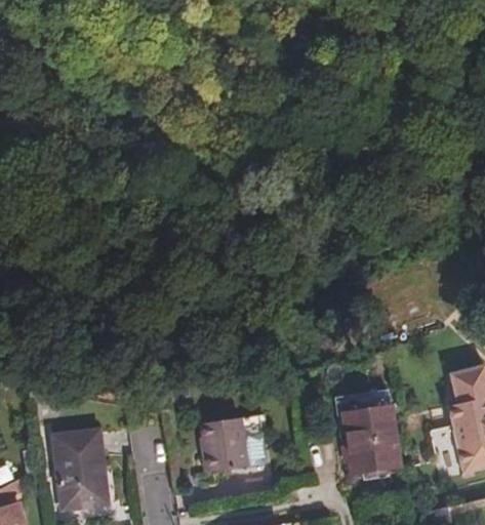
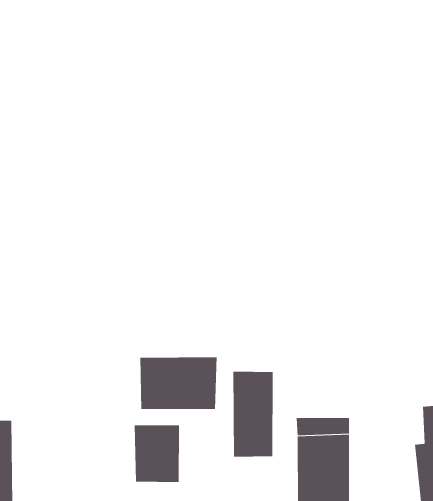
building: none -> [140,357,217,410]
building: none -> [233,371,273,457]

